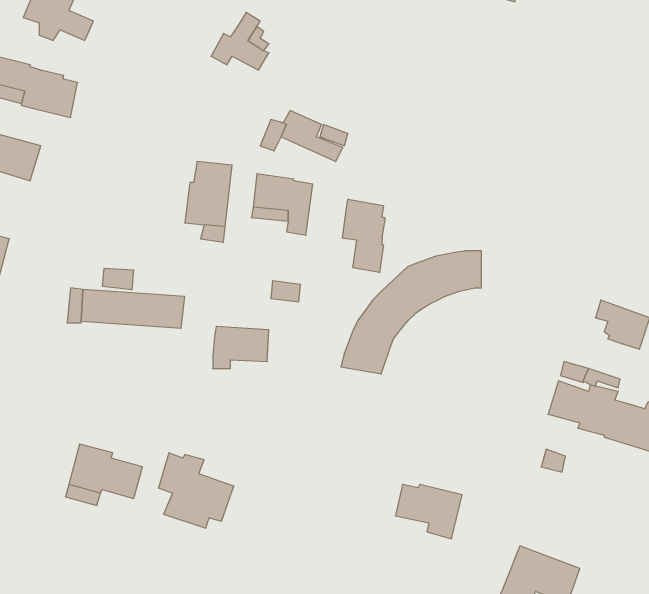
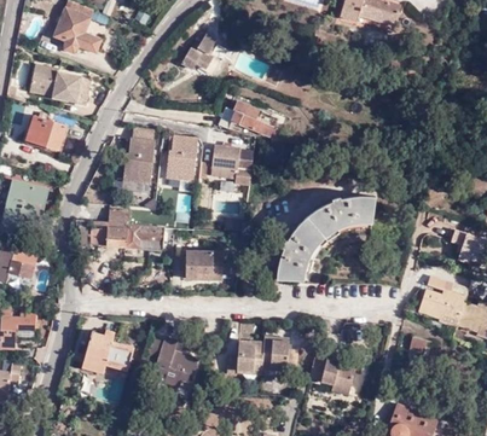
building: none -> [126,127,156,184]
building: [342,199,385,273] -> none
building: none -> [228,337,301,376]

